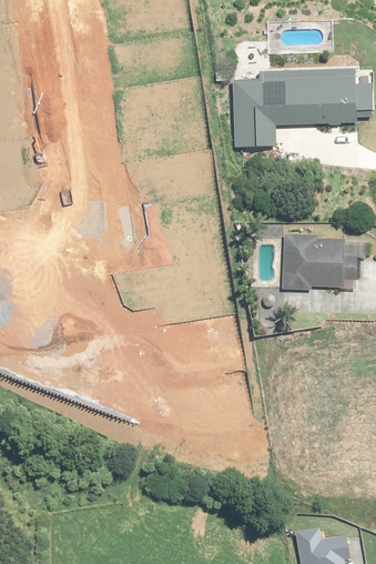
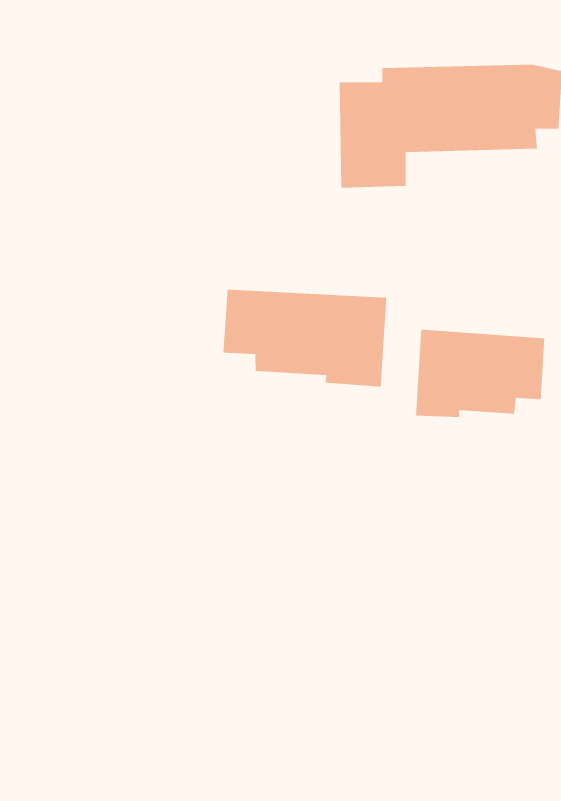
building: none -> [223,289,387,388]

